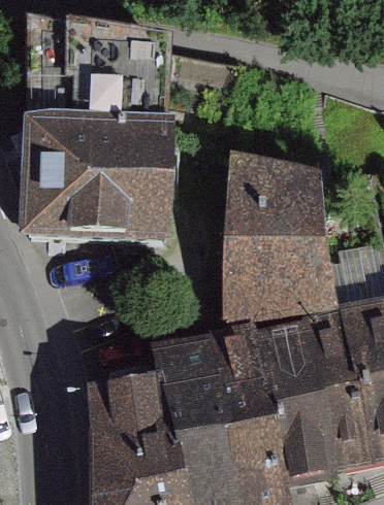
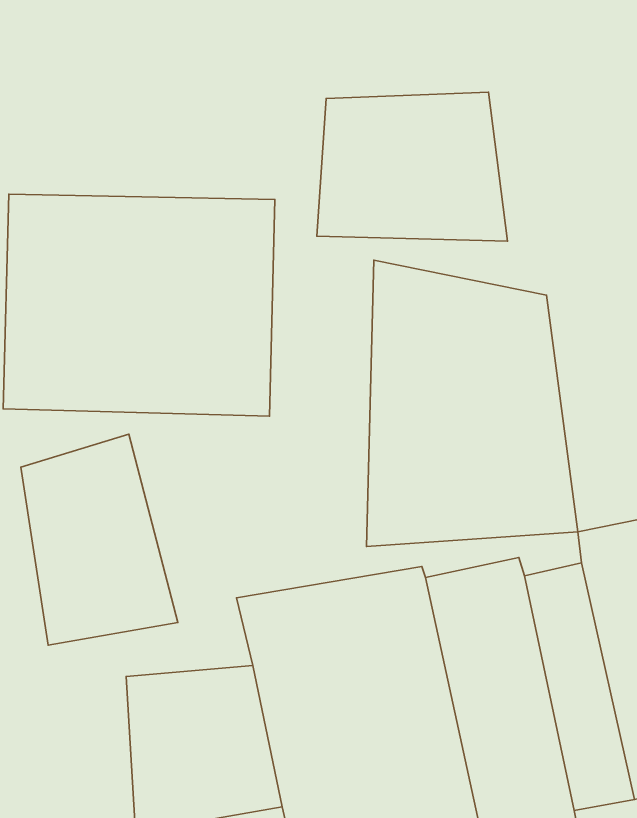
building: none -> [317,92,507,241]
building: none -> [21,434,178,645]

